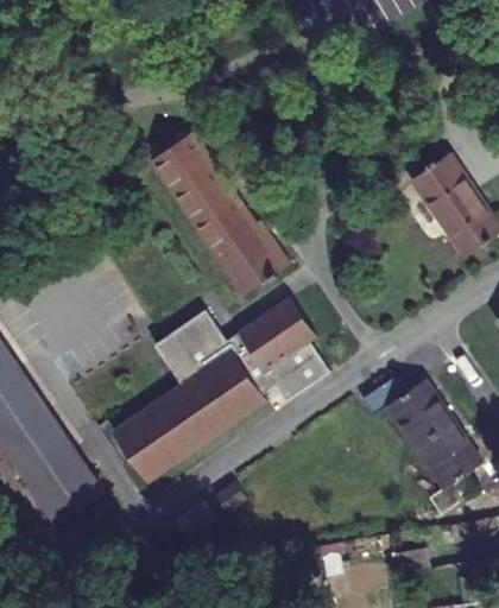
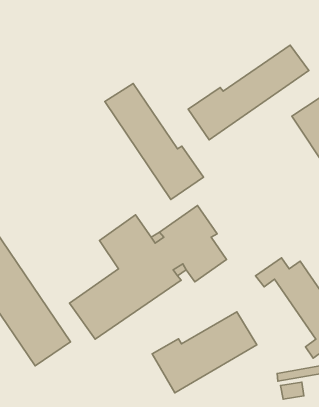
building: none -> [188,45,309,140]
building: none -> [152,312,257,393]

